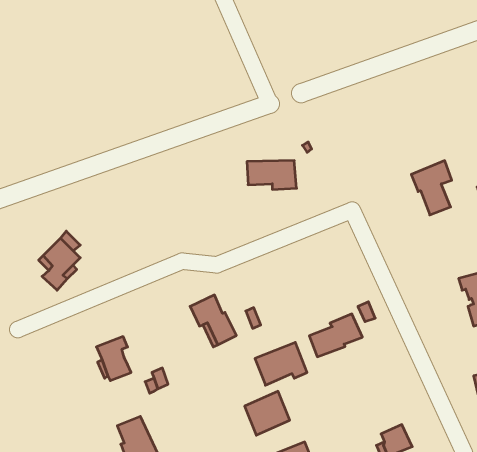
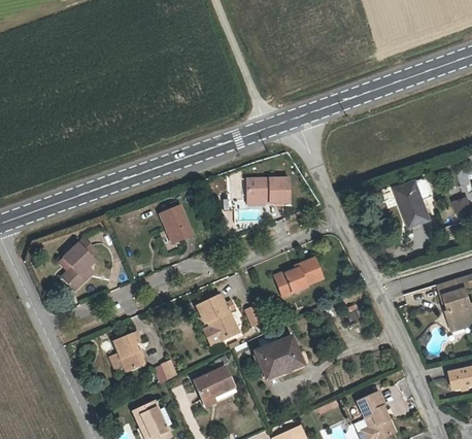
building: none -> [160,206,192,243]
building: [309,314,362,357] -> [274,258,322,296]
building: [245,391,290,435] -> [193,368,233,407]
building: none -> [357,390,384,419]

